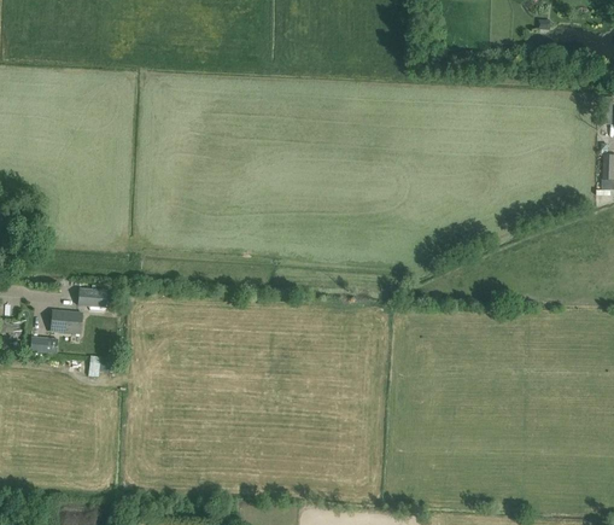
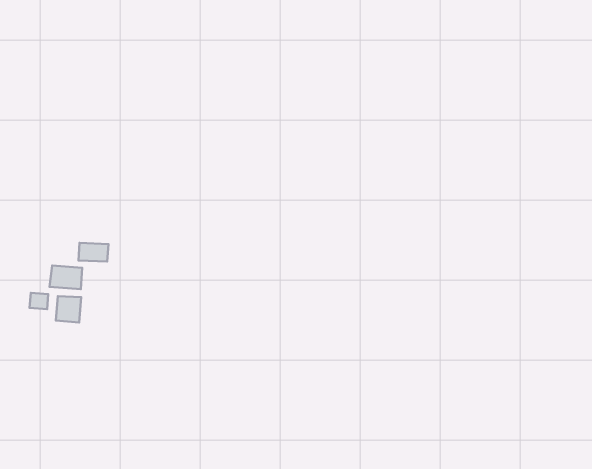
building: none -> [56,296,81,323]

